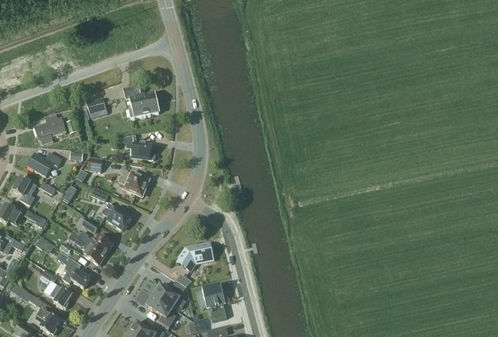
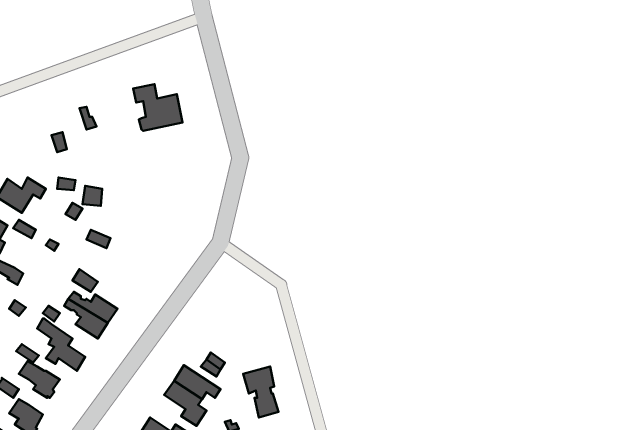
building: [34,113,66,145] -> none
building: [124,135,156,159] -> none
building: [119,171,148,196] -> none
building: [102,202,131,230] -> none
building: [176,243,213,271] -> none

